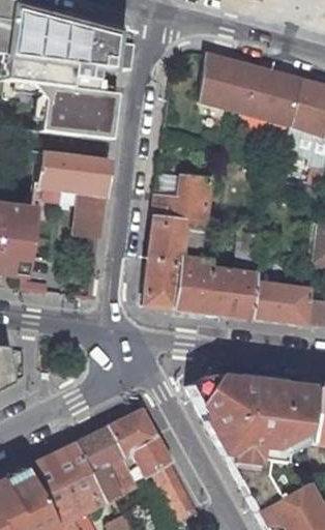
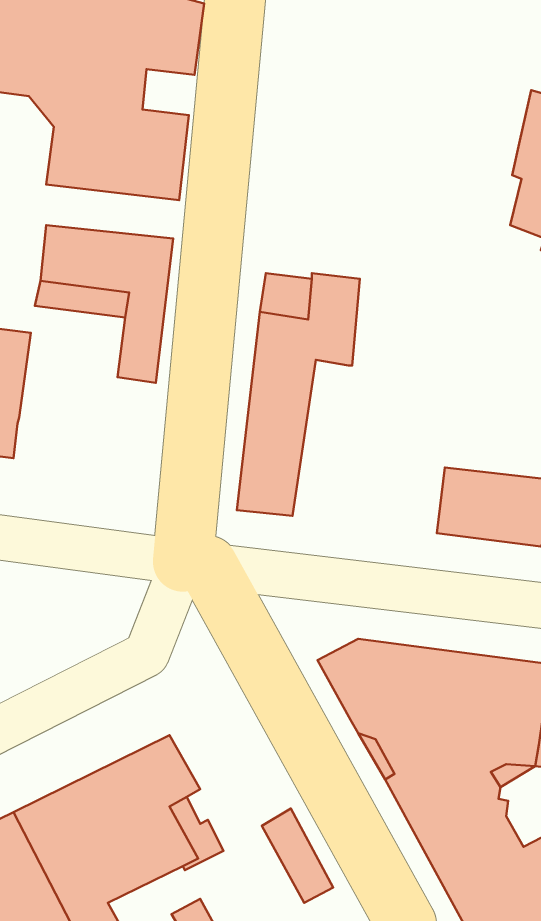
building: [203,54,303,124] -> none
building: [175,224,257,317] -> none
building: [109,409,171,474] -> none

